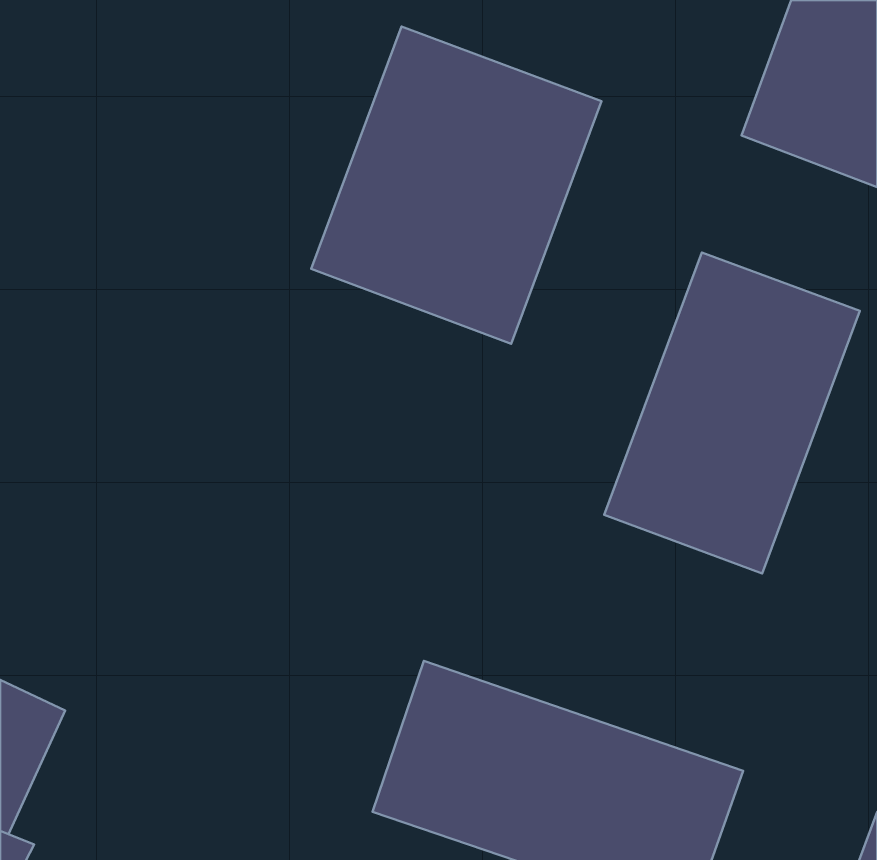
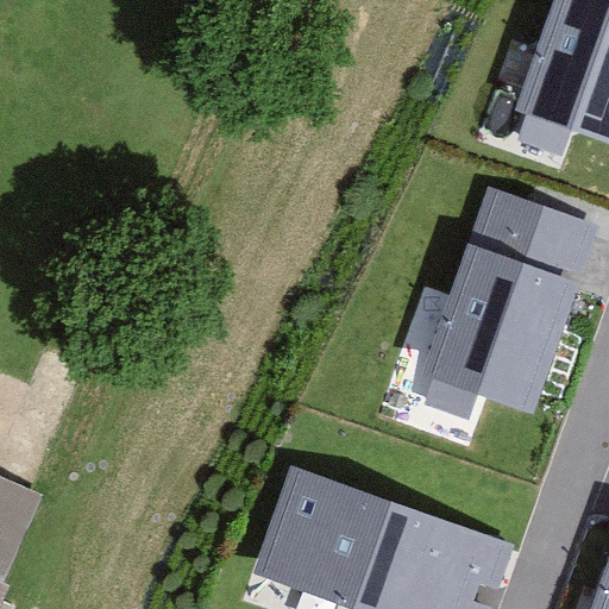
building: [311,26,602,344] -> none

